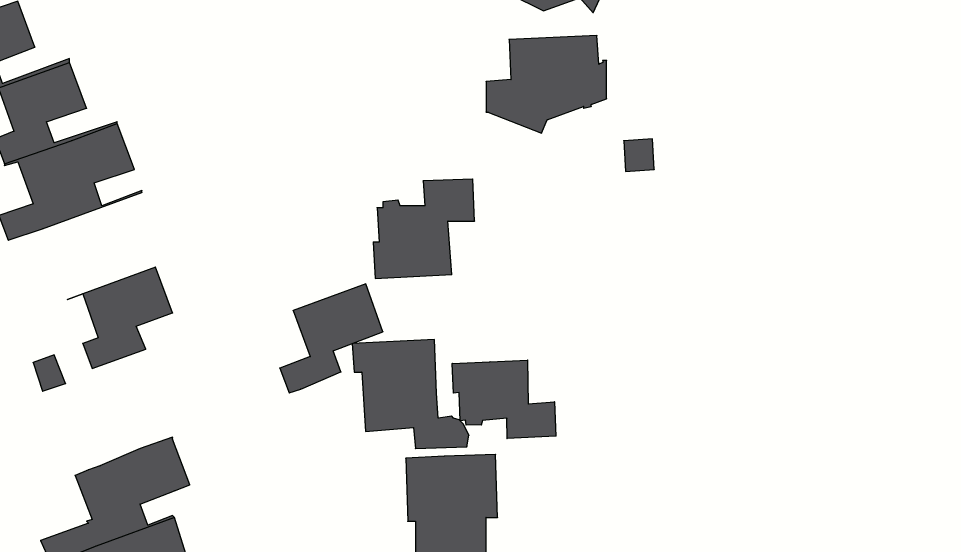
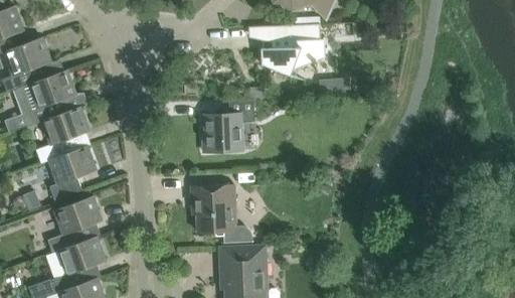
building: none -> [28,107,90,163]
building: [280,284,383,393] -> [47,195,102,253]
building: [452,360,556,439] -> none

